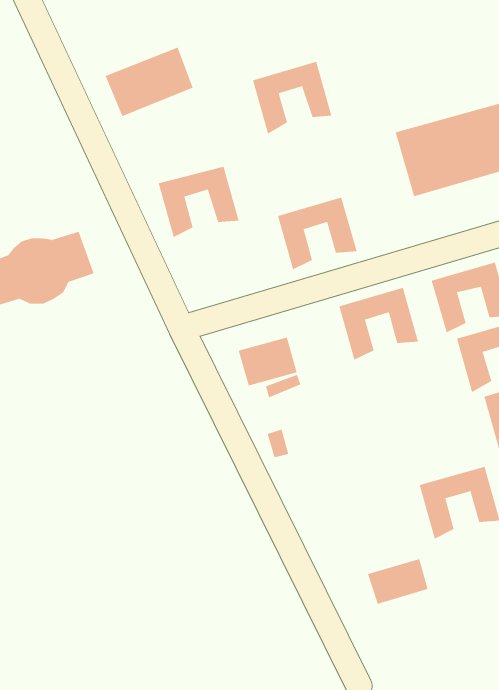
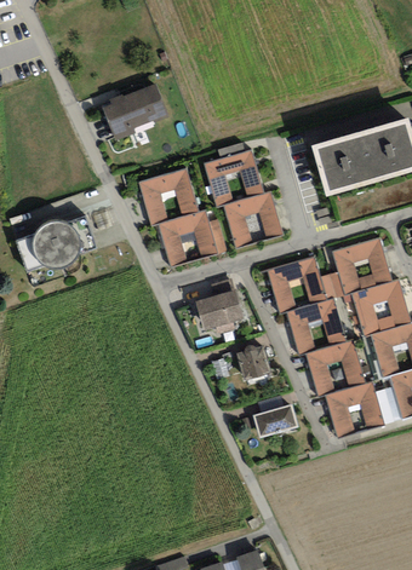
building: [252,61,332,135] -> [205,151,262,203]
building: none -> [158,212,216,263]
building: none -> [286,298,344,350]
building: none -> [305,341,364,393]
building: none -> [238,347,269,378]
building: [367,558,428,604] -> [252,405,296,438]

